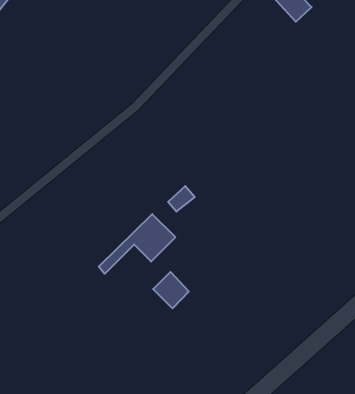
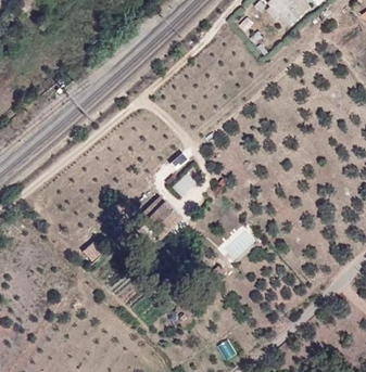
building: [153,272,189,308] -> none

